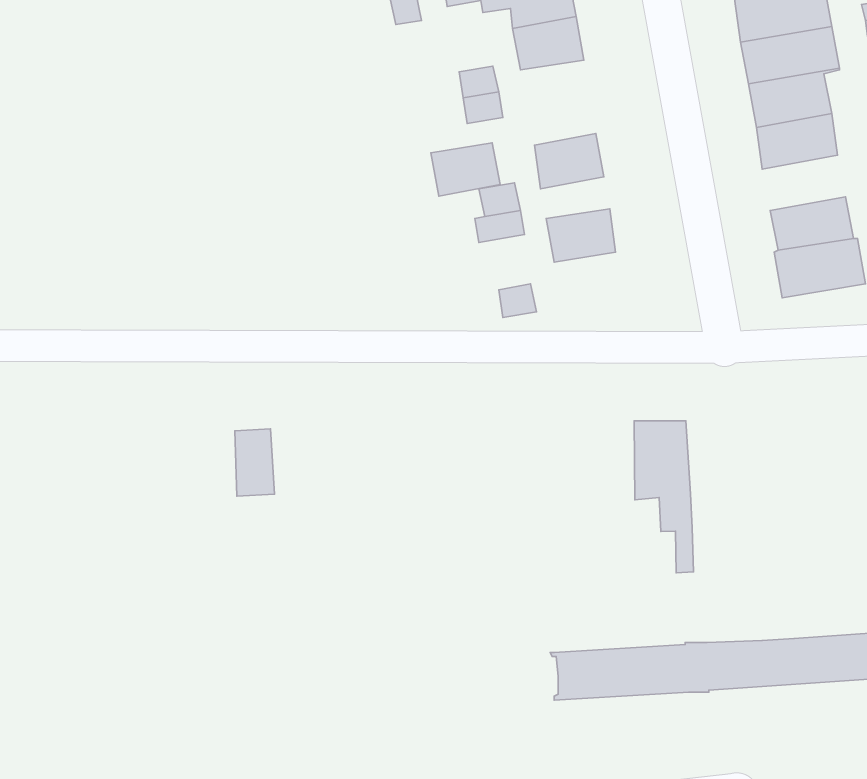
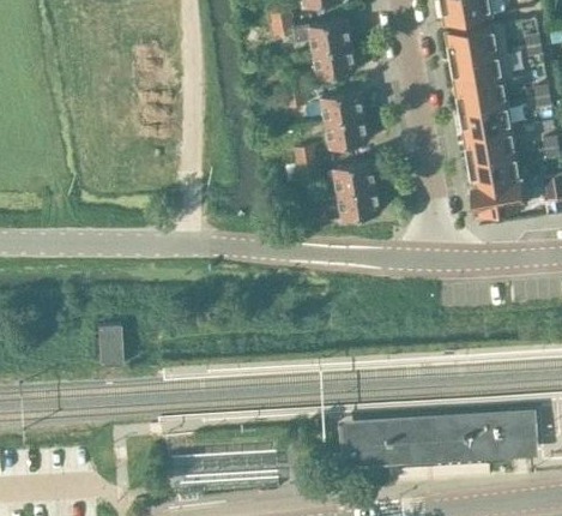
building: [431,143,500,196] -> [321,91,363,124]
building: none -> [464,130,514,163]
building: none -> [338,188,380,221]
building: [634,421,693,573] -> none
building: [235,429,275,496] -> [97,325,121,366]

